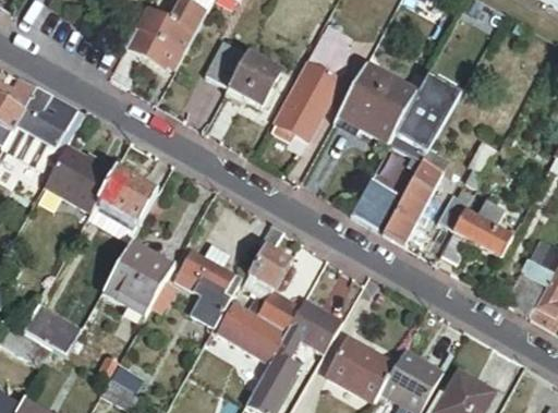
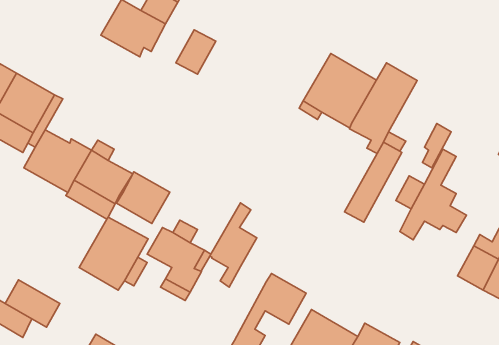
building: [272,22,359,138] -> none
building: [226,51,281,105] -> none
building: [350,170,408,229] -> none
building: none -> [116,172,170,224]
building: [215,290,301,368] -> none

